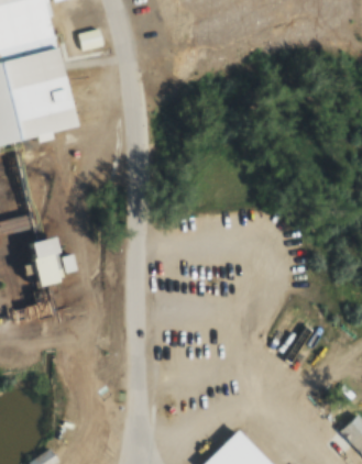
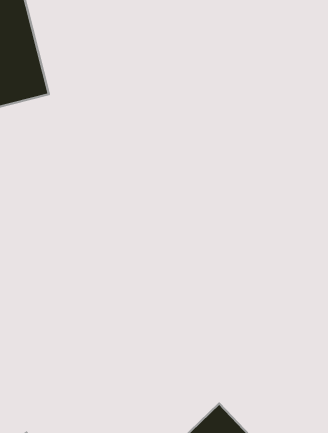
building: [34,237,67,287] -> none

